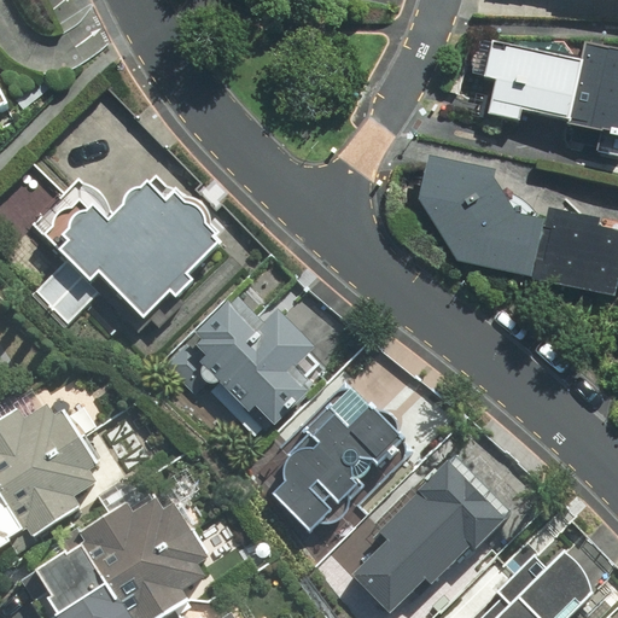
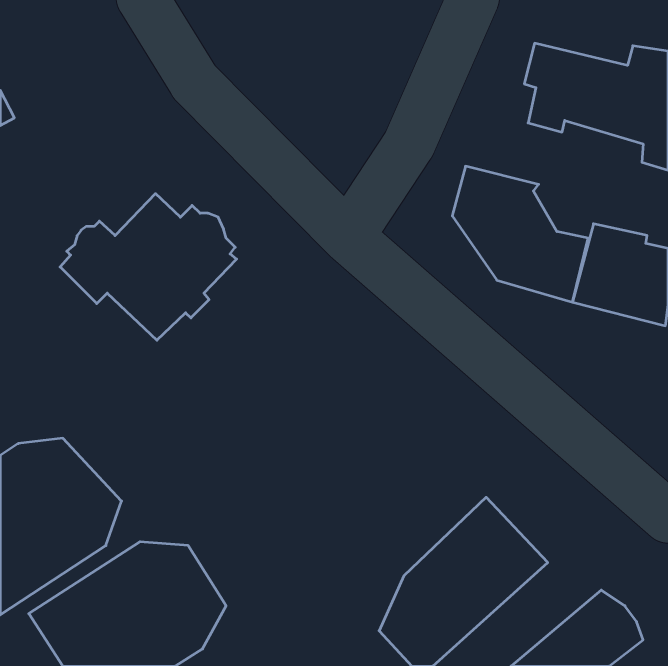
building: [175,281,322,427] -> none
building: [276,385,419,553] -> none

